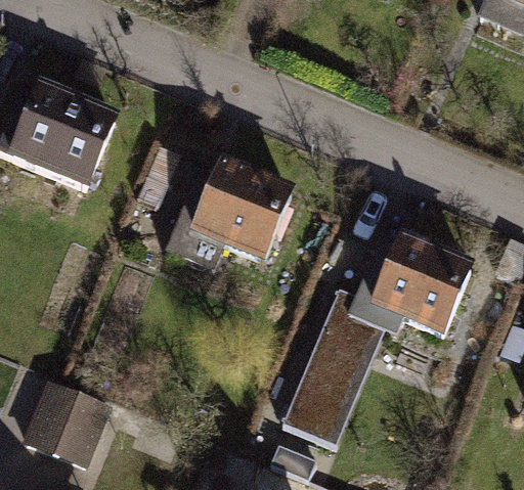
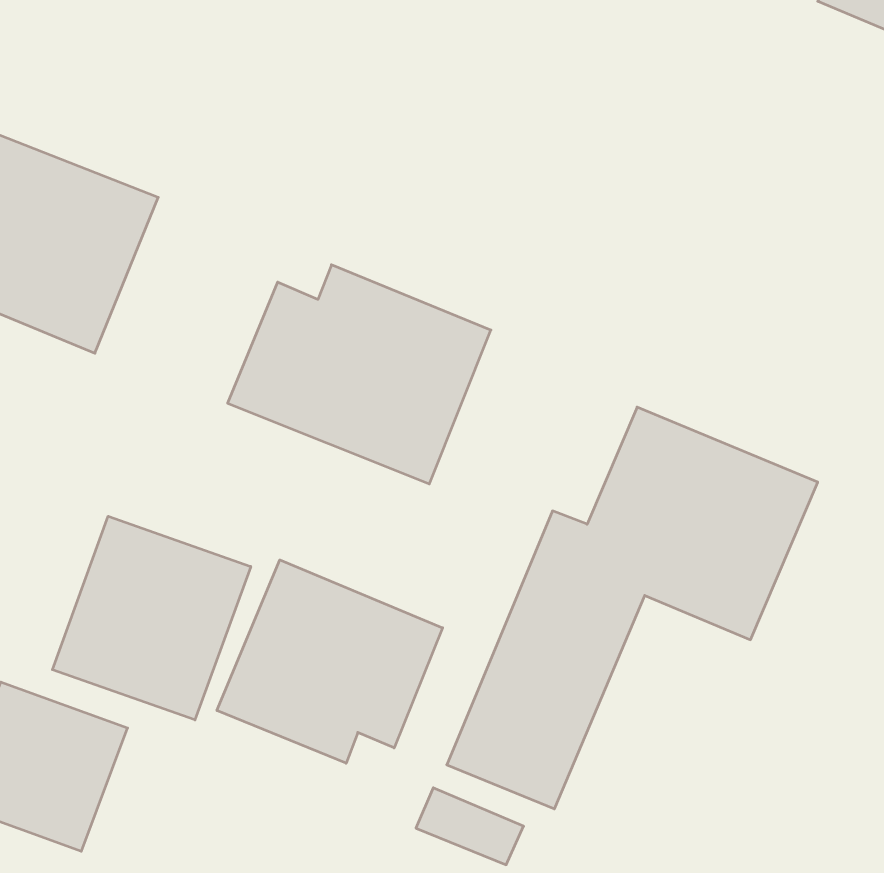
building: none -> [52,516,251,720]
building: none -> [217,560,443,763]

